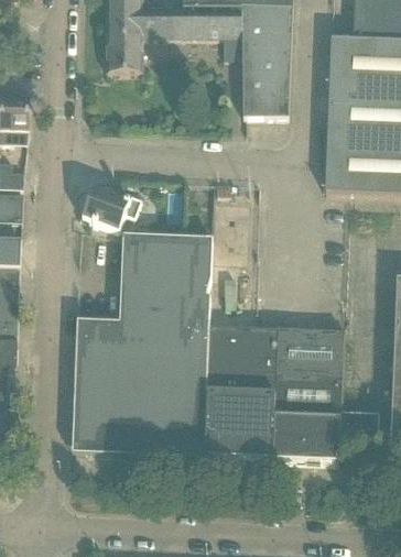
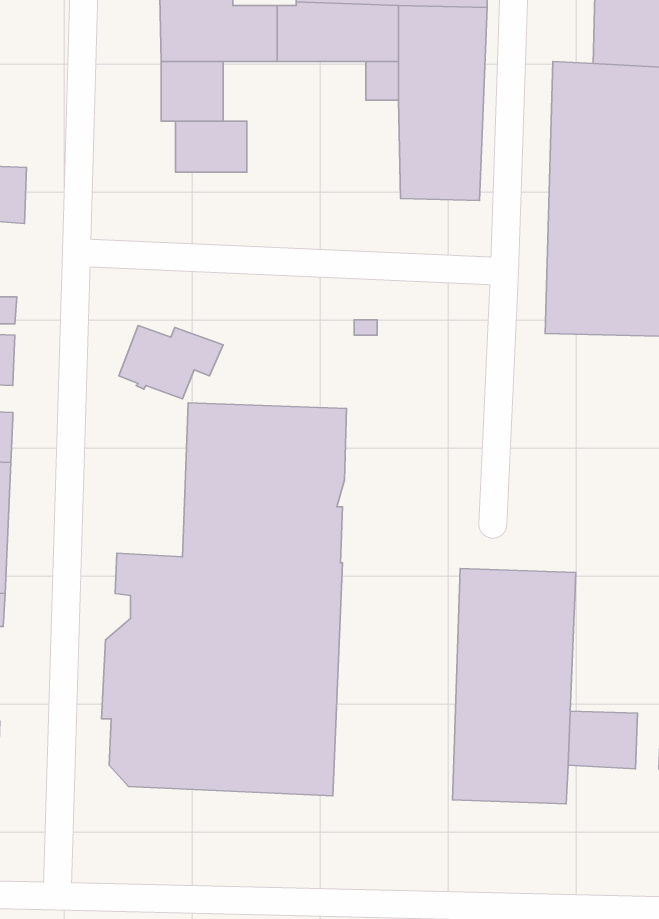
building: none -> [176,121,247,172]
building: [205,323,278,458] -> none

